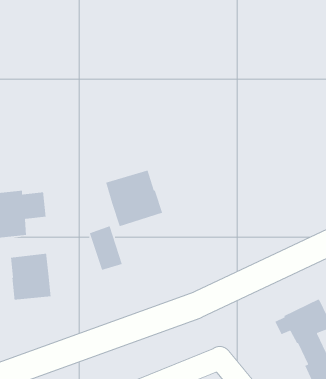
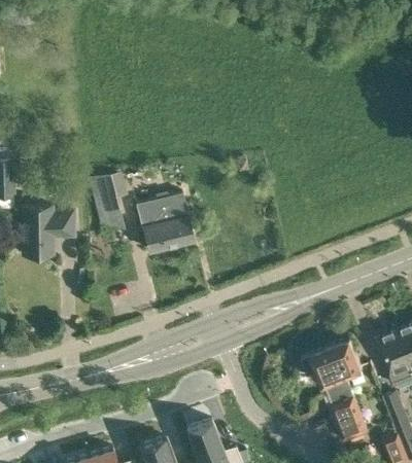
building: [89,225,123,271] -> [92,186,125,233]
building: [10,253,52,301] -> none

